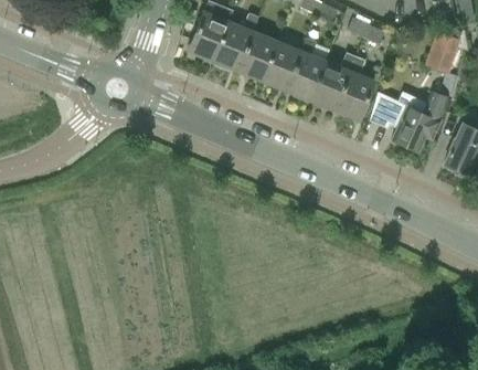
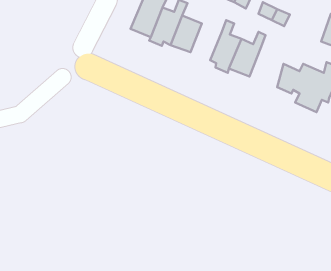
building: [263,42,301,87] -> none
building: [336,56,374,117] -> none

